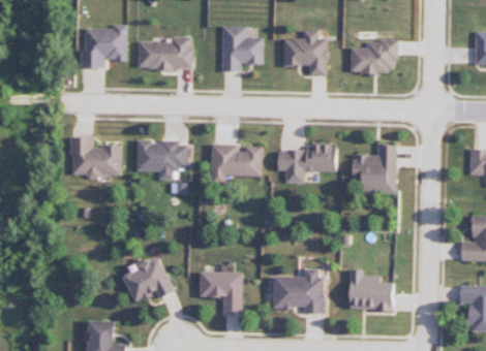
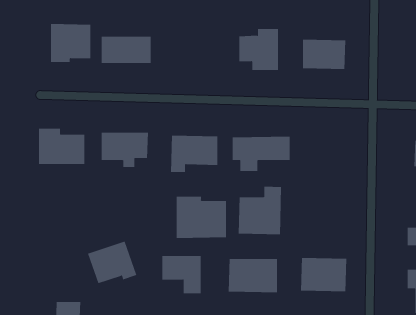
building: [222,27,263,72] -> none
building: [351,142,397,194] -> [238,186,282,235]
building: none -> [176,196,226,239]

